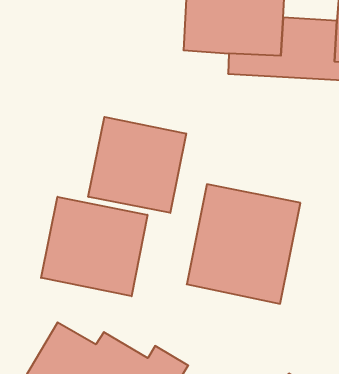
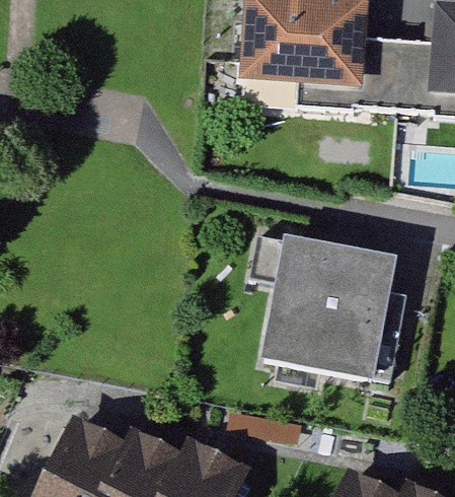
building: [88,117,186,213] -> none
building: [41,197,147,296] -> none

